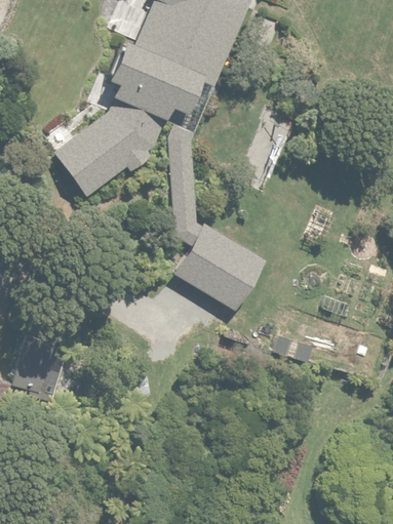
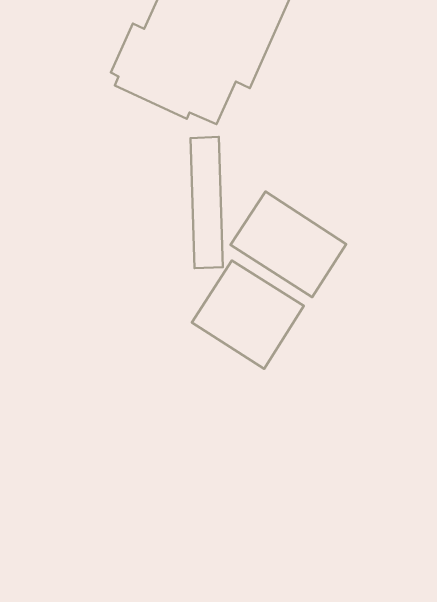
building: [50,98,159,197] -> none
building: none -> [230,191,346,297]

